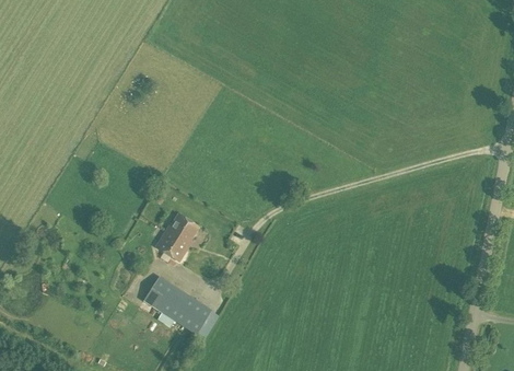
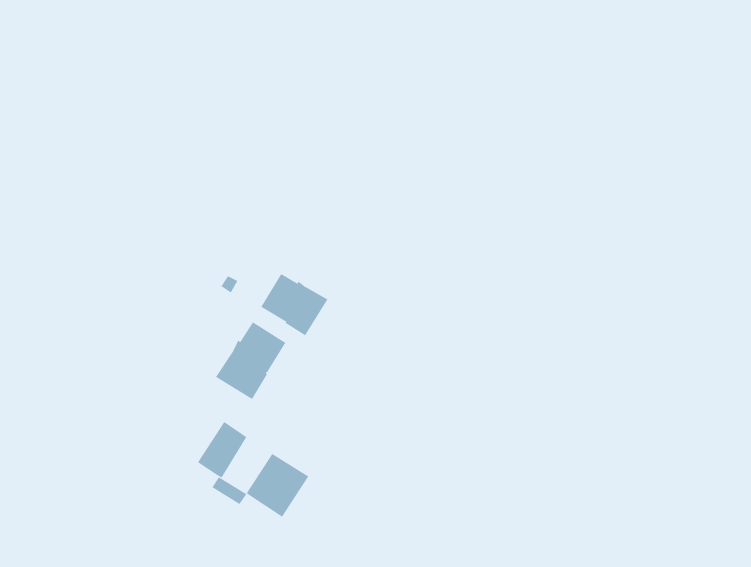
building: none -> [261,273,328,336]

